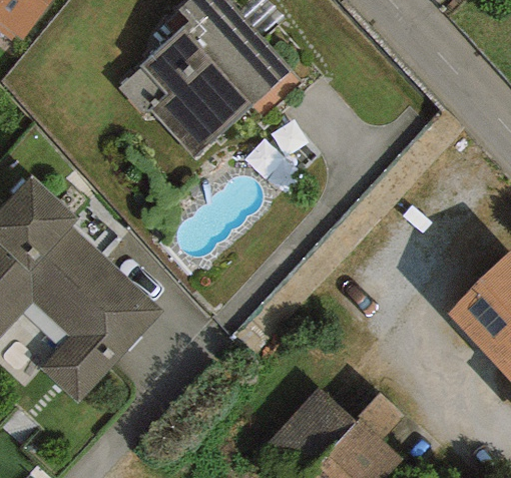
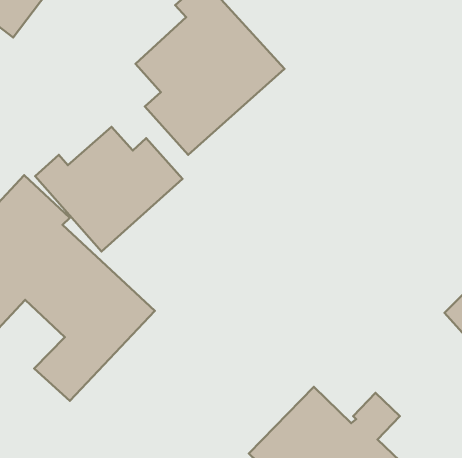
building: none -> [35,127,183,251]

